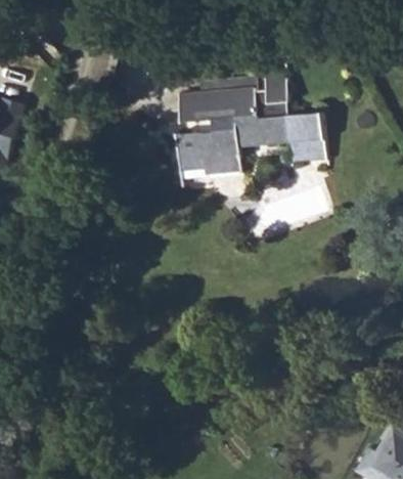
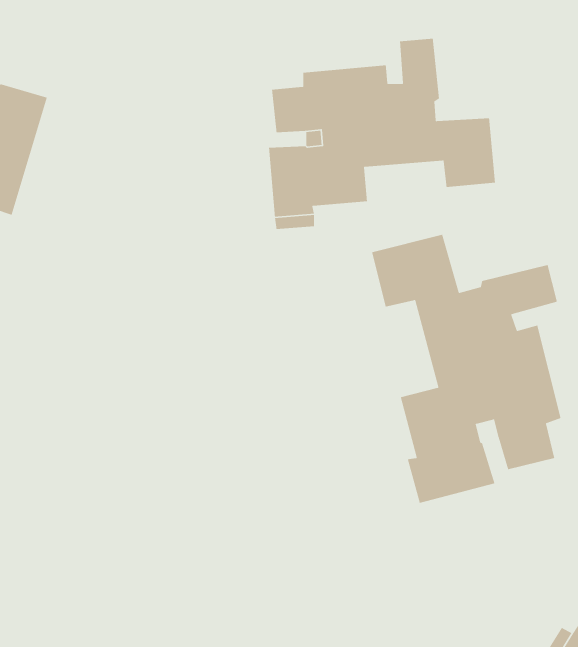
building: none -> [371,234,562,504]

